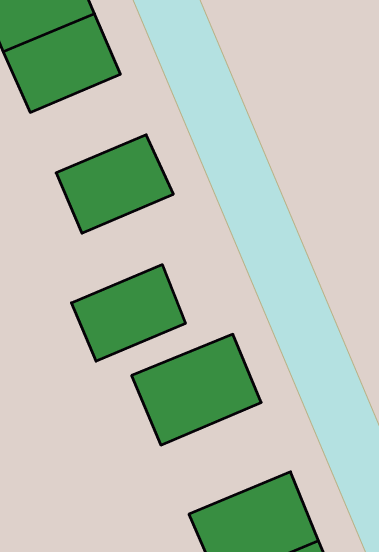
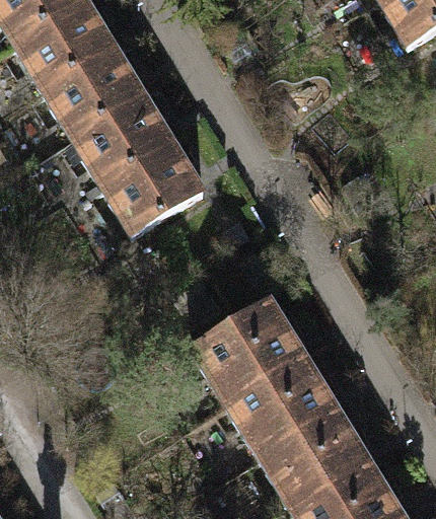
building: none -> [74,95,174,187]
building: [71,265,185,361] -> none
building: none -> [226,354,339,457]

